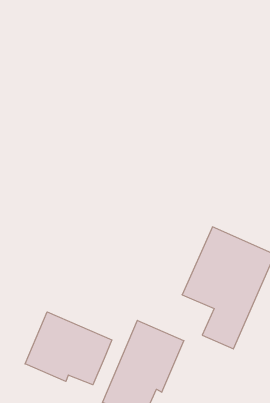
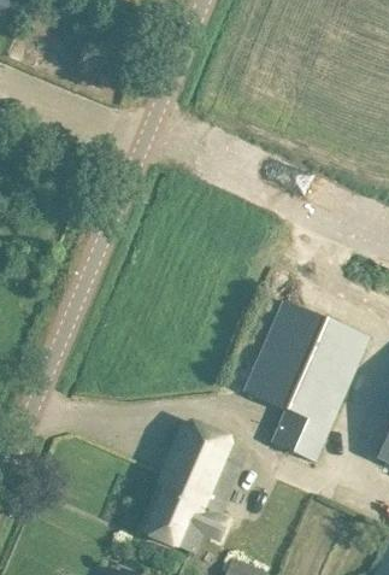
building: [25,312,112,385] -> none

